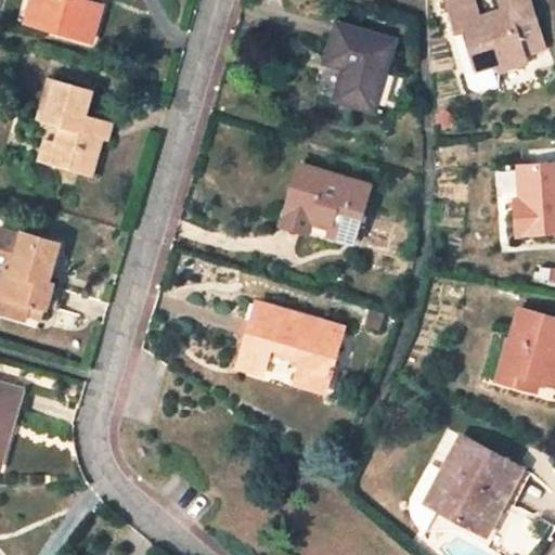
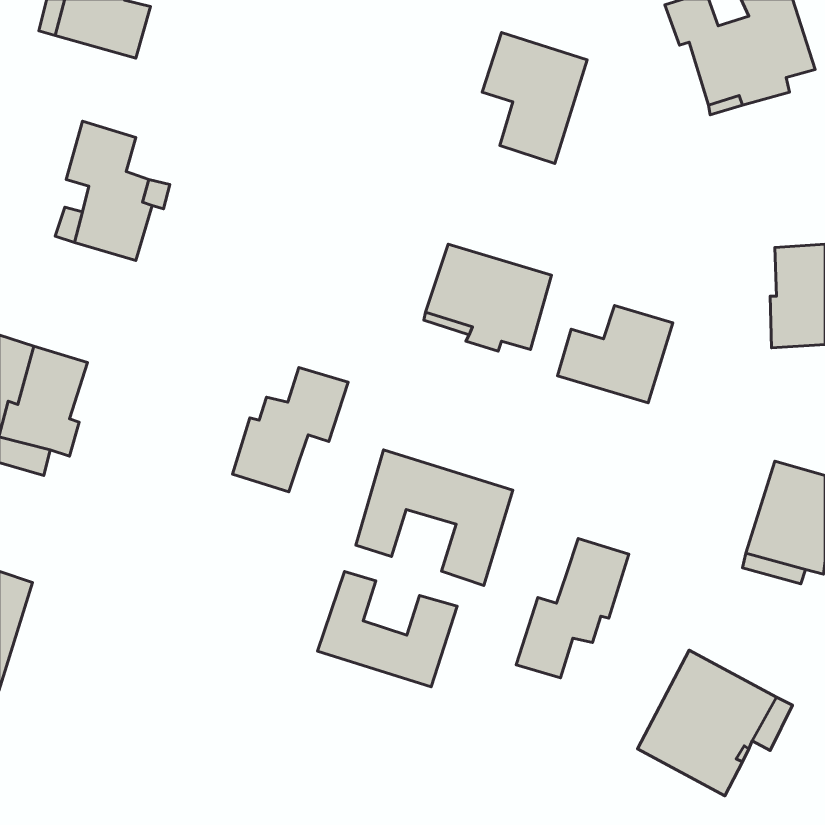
building: none -> [557,306,673,403]
building: none -> [233,367,348,492]
building: none -> [516,538,629,678]
building: none -> [317,571,457,687]

